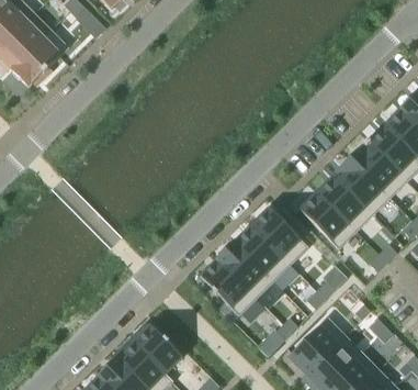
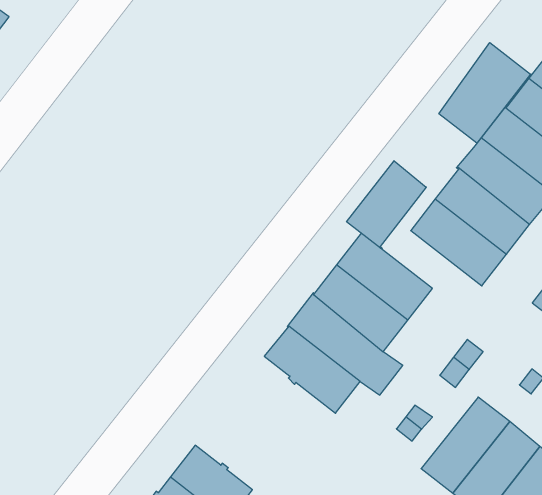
building: none -> [439,43,531,143]
building: none -> [347,161,426,248]

